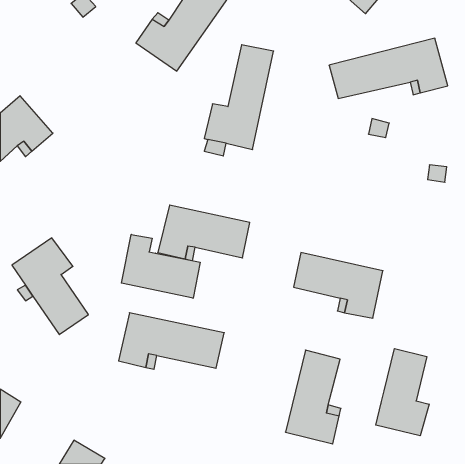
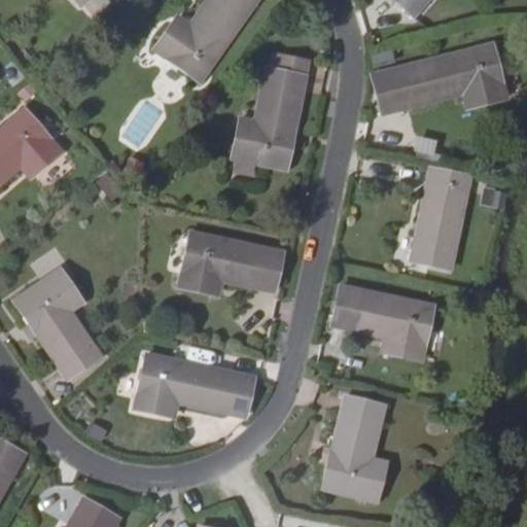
building: none -> [411,168,470,267]
building: [121,234,200,298] -> none
building: [376,349,429,436] -> none

